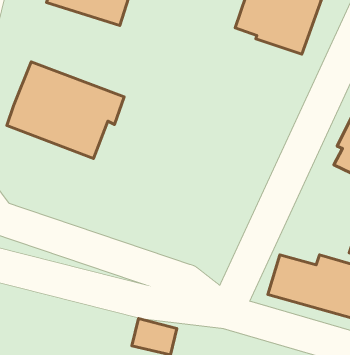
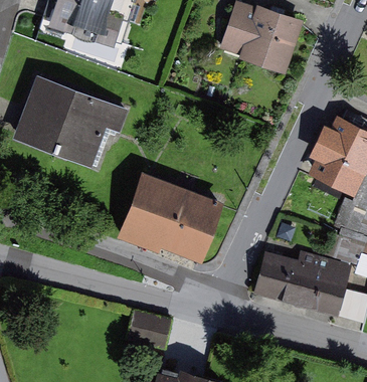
building: none -> [123,177,218,256]

